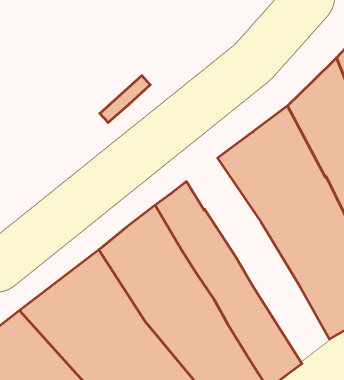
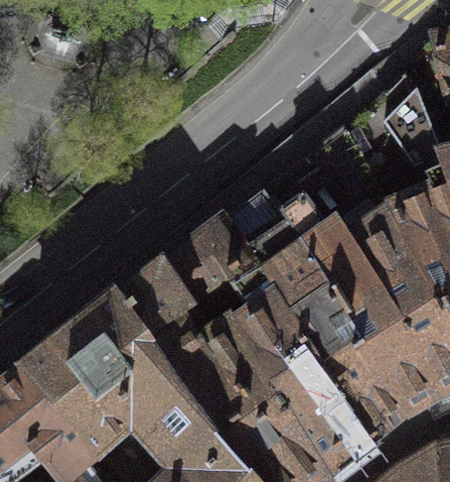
building: none -> [227,192,398,438]

